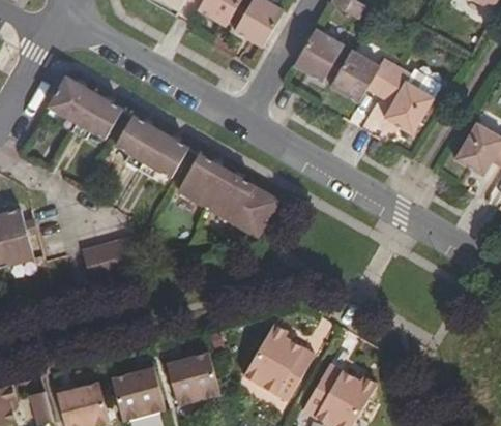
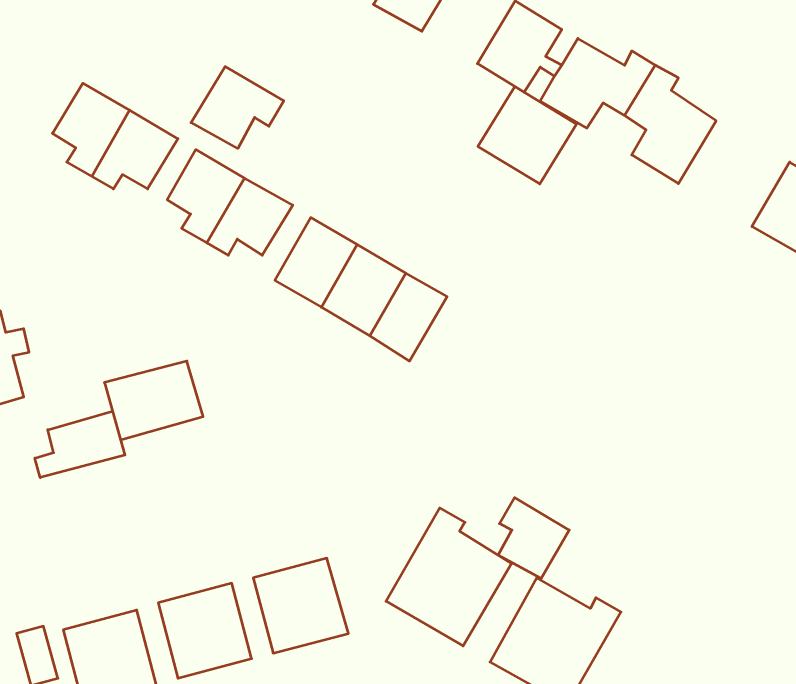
building: none -> [191,67,284,148]
building: none -> [478,86,577,184]
building: none -> [35,411,125,478]
building: none -> [498,498,569,579]

